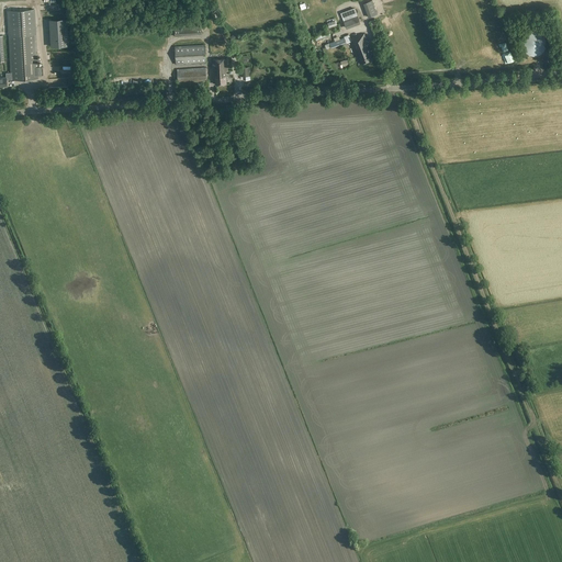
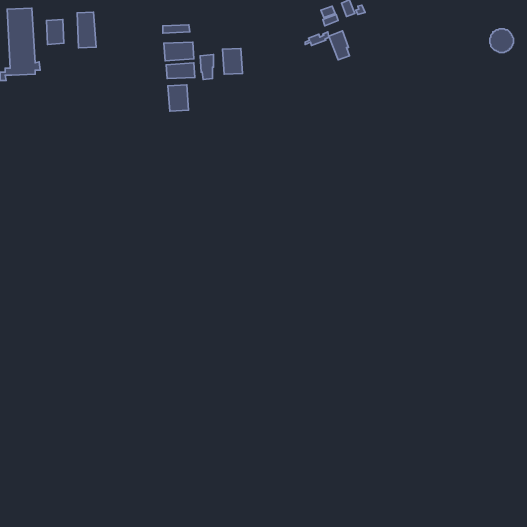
building: none -> [77,12,96,48]
building: none -> [222,48,243,74]
building: none -> [168,85,189,111]

